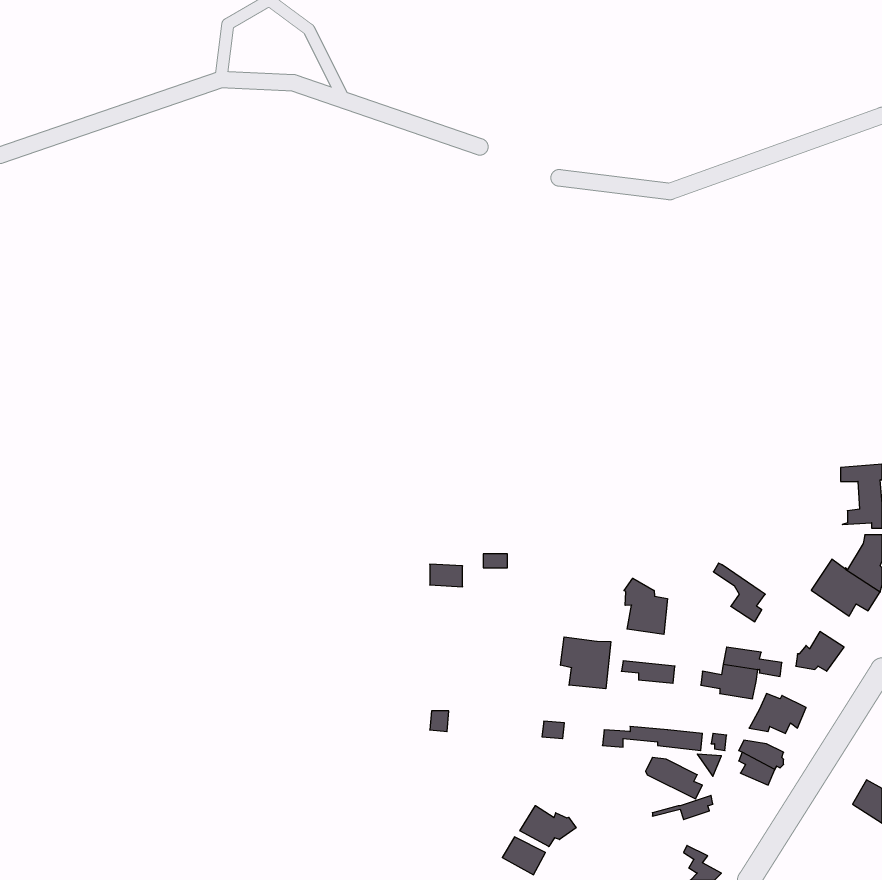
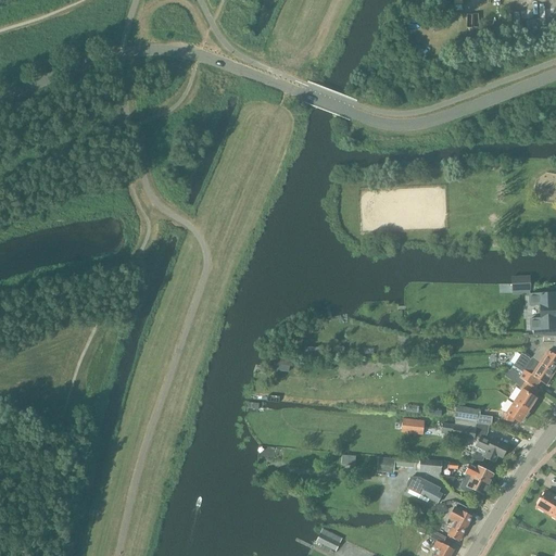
building: [713,563,765,622] -> [505,370,538,407]
building: [624,578,667,634] -> none
building: [561,637,611,689] -> none
building: none -> [447,503,471,541]
building: [520,806,576,847] -> none

